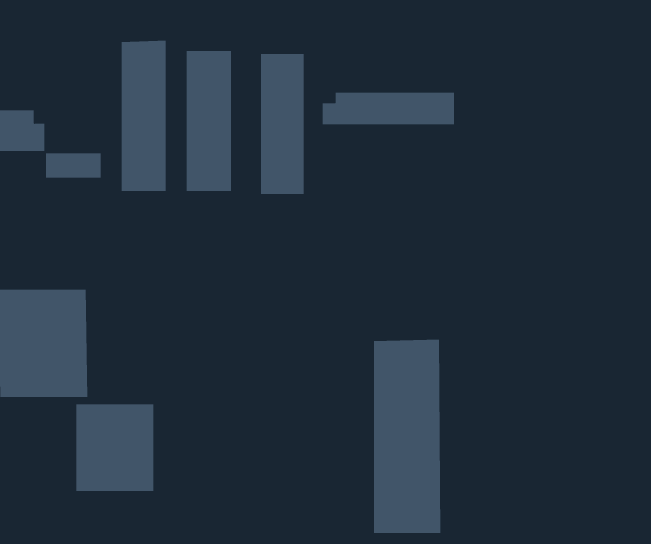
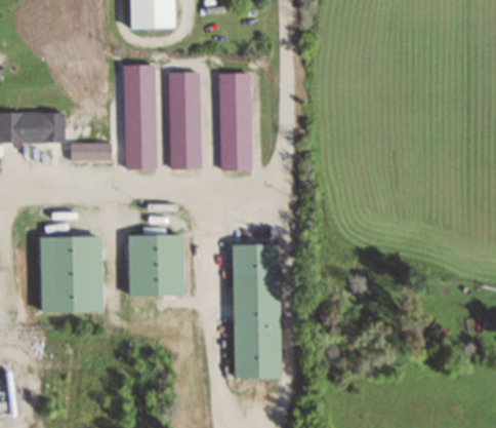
building: [322,92,455,125] -> none
building: [373,339,441,533] -> [233,244,280,379]
building: [76,404,154,491] -> [129,235,183,296]

